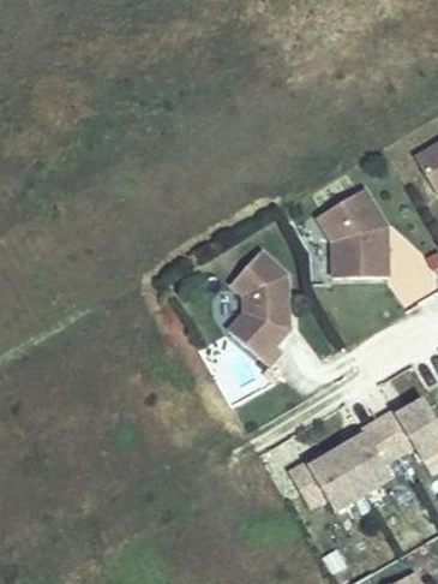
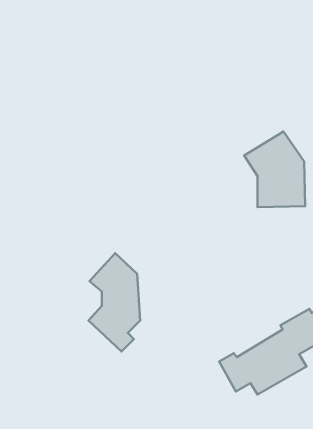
building: [232,260,292,374] -> [88,253,140,351]

